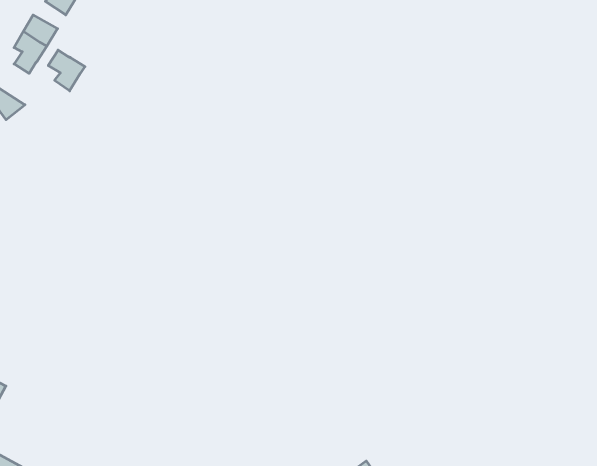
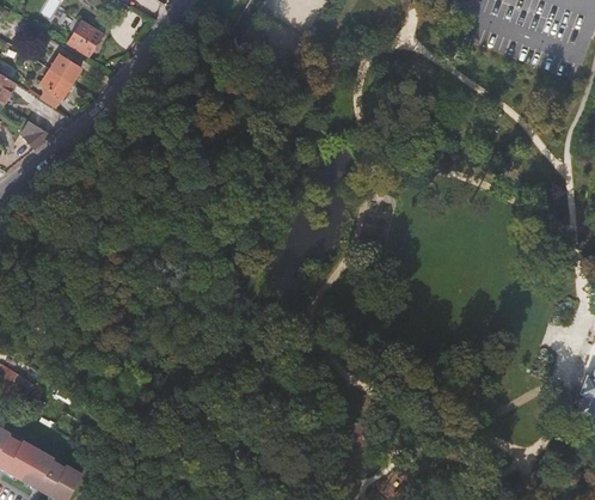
building: [48,50,85,91] -> none

